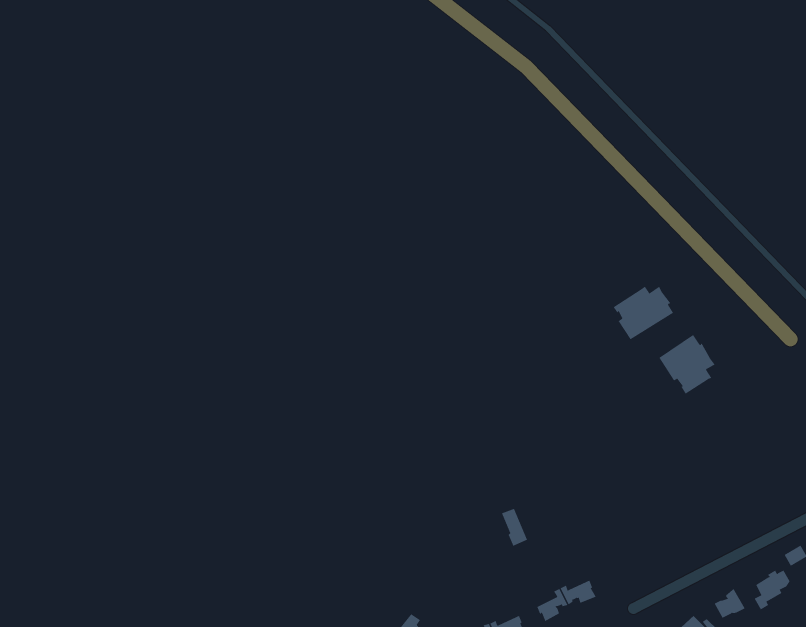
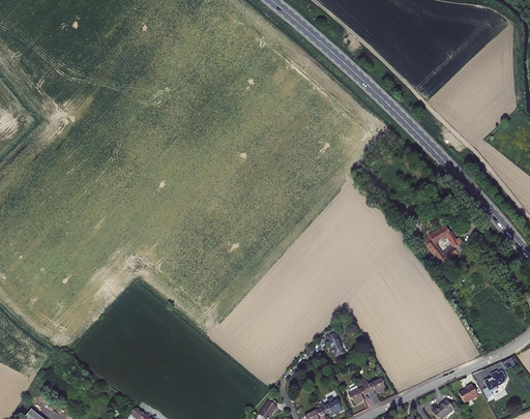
building: [613,286,674,340] -> none

